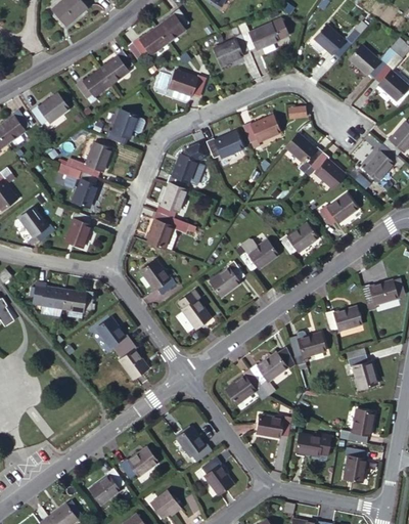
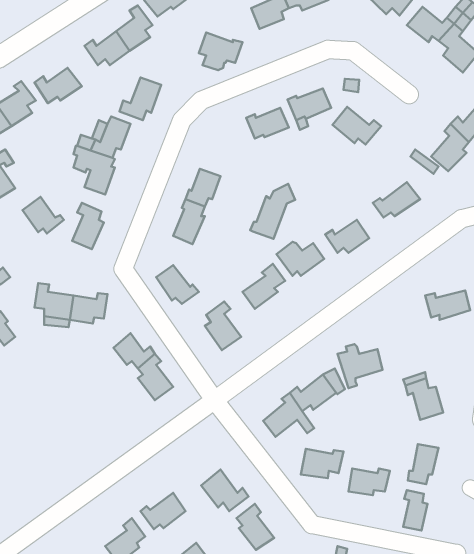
building: [170,141,208,187] -> [250,184,295,239]
building: [311,145,345,185] -> none
building: [323,308,359,334] -> none

